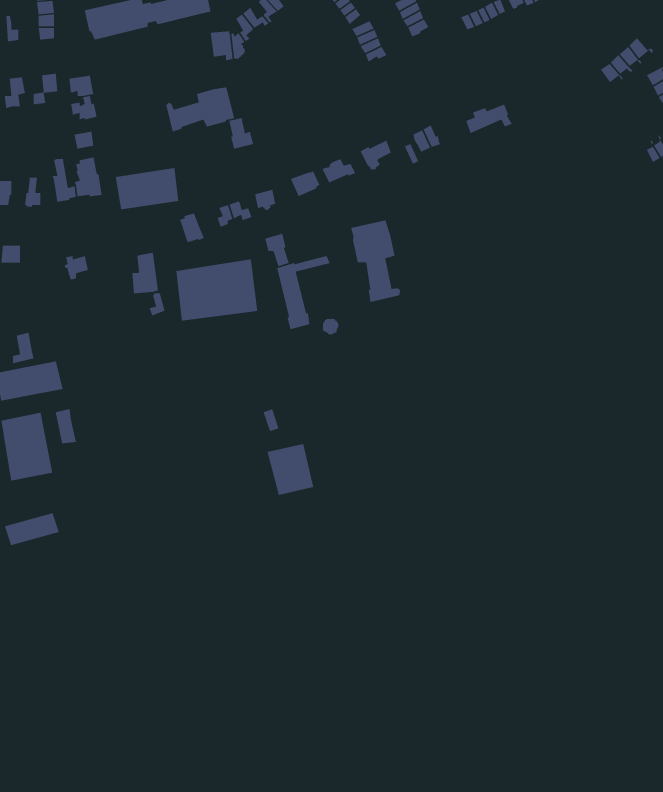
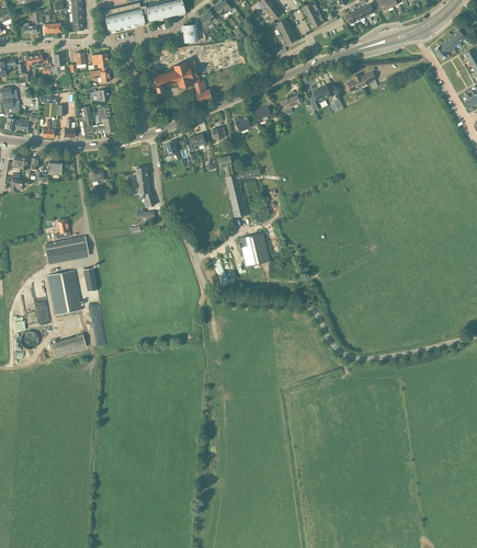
building: [115,167,179,210] -> none
building: [350,220,401,303] -> none
building: [175,259,258,322] -> none
building: [266,443,314,496] -> [238,232,269,266]

